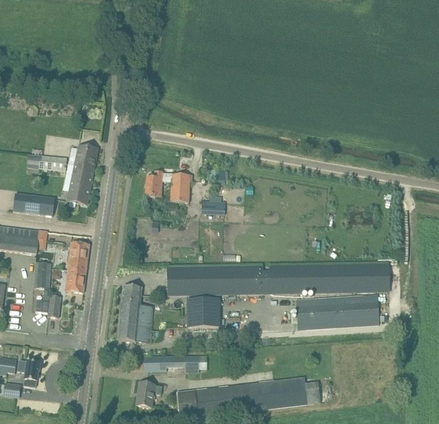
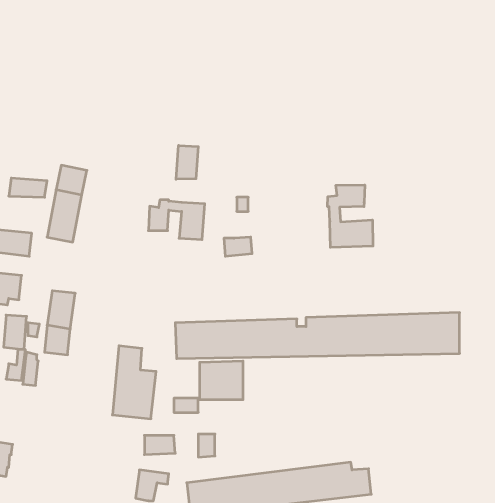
building: none -> [176,145,198,179]
building: none -> [328,185,373,247]
building: [296,294,379,329] -> none

